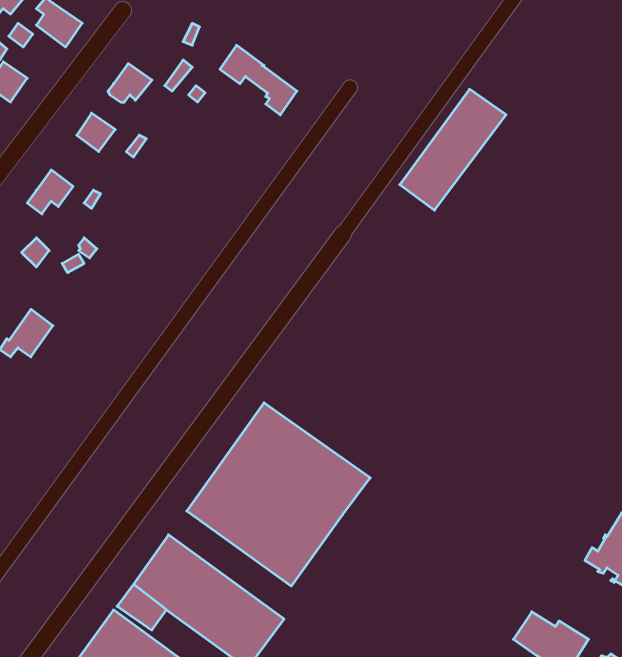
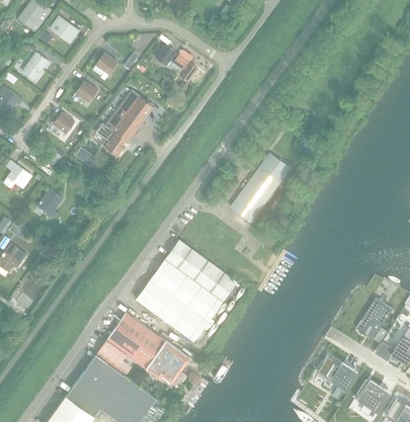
building: [400,89,506,210] -> [231,154,290,221]
building: none -> [96,89,154,155]

